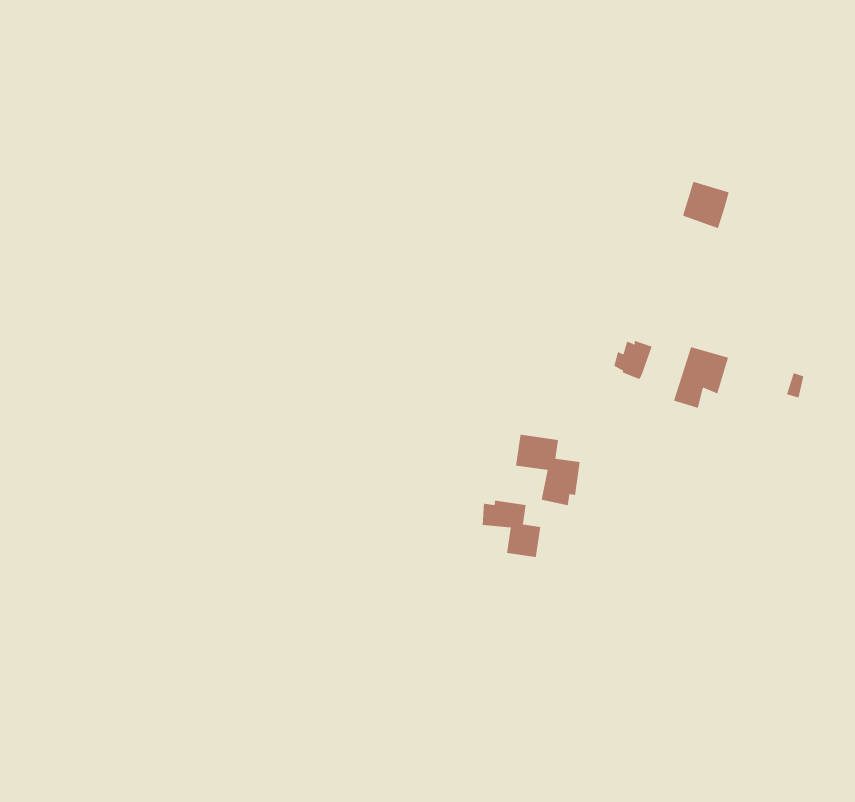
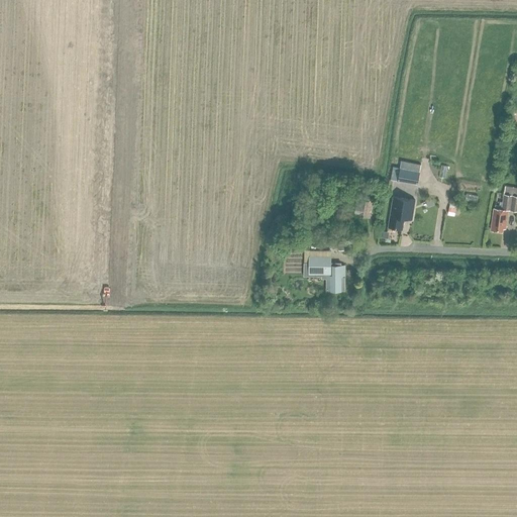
building: [682,181,729,229] -> [397,162,420,185]
building: [482,500,541,558] -> none

